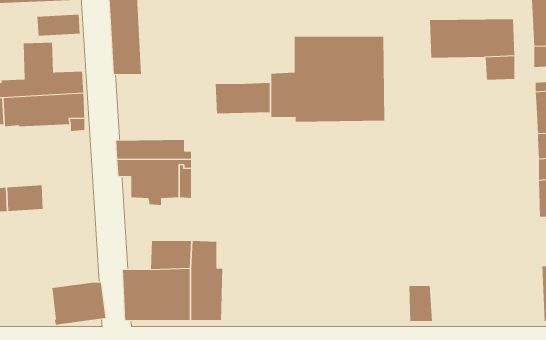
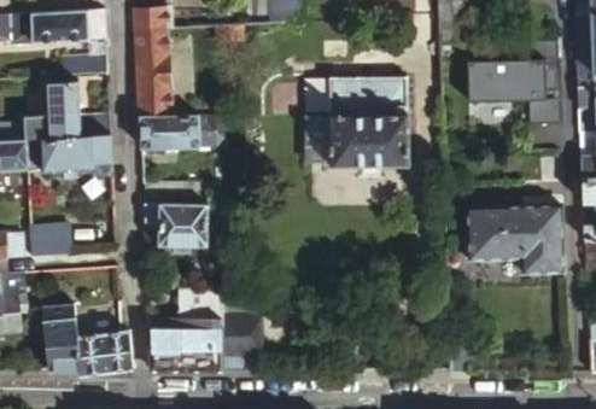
building: [215,82,271,114] -> [141,116,199,148]
building: none -> [469,206,565,273]
building: none -> [41,304,81,372]

